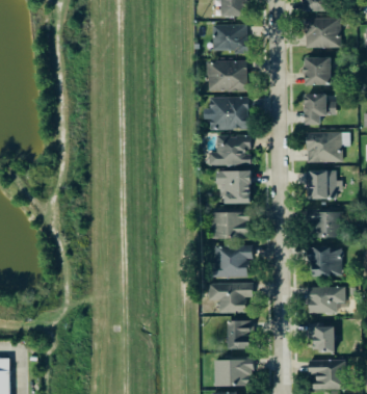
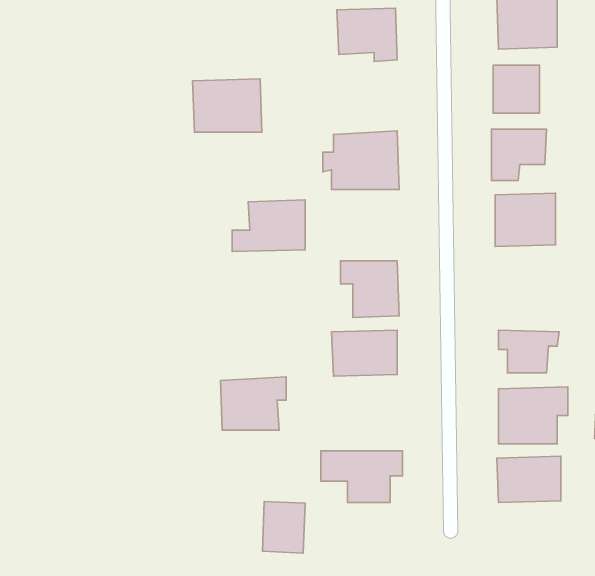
building: [208,60,248,91] -> [193,79,262,132]
building: [208,135,251,165] -> [232,200,305,251]
building: [310,170,342,199] -> none
building: [212,245,251,277] -> [220,377,286,430]
building: [226,319,251,349] -> [262,501,305,553]
building: [307,324,334,351] -> none

